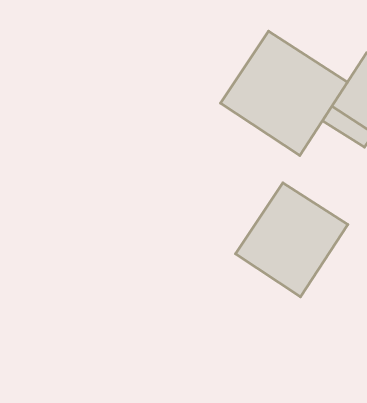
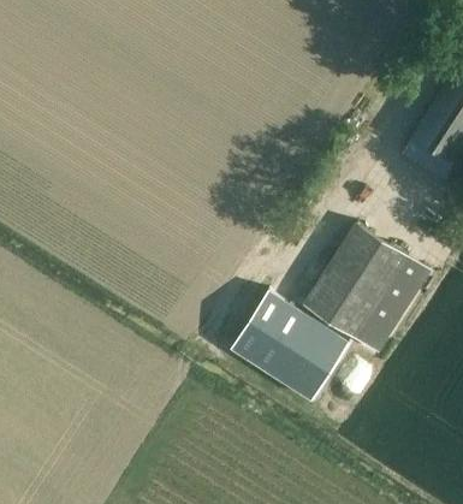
building: [220,31,347,155] -> none
building: none -> [230,290,349,399]

